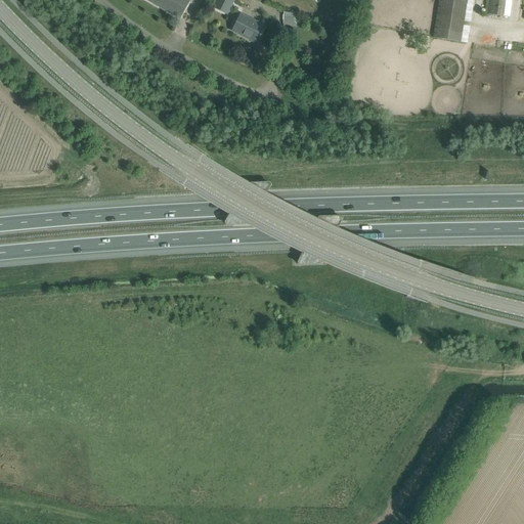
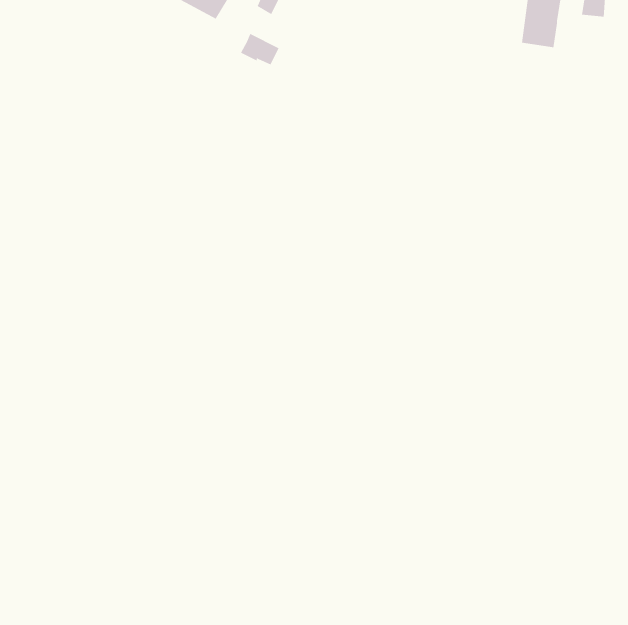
building: [232,12,265,39] -> [240,33,279,65]

